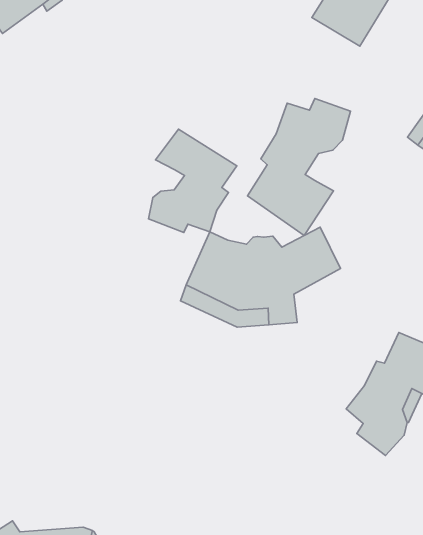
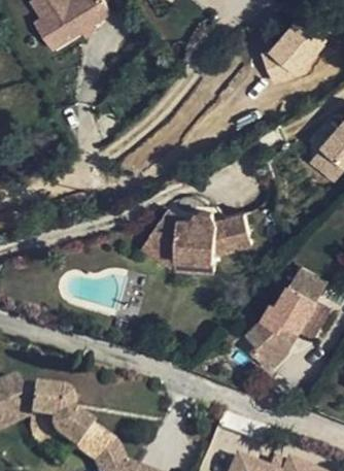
building: [248,98,351,235] -> none
building: [149,129,237,232] -> none

